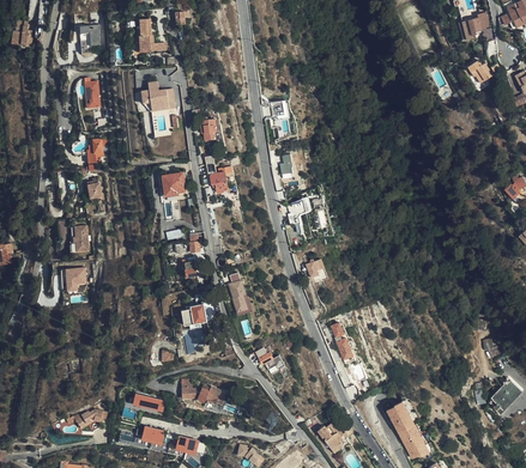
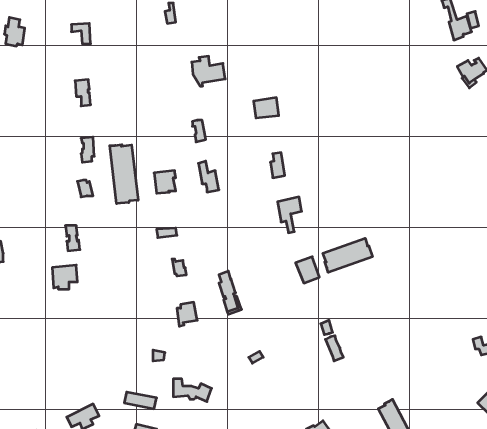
building: [135,19,164,53] -> none
building: [141,83,175,113] -> [192,56,225,86]
building: none -> [110,145,138,204]
building: none -> [323,238,372,272]

